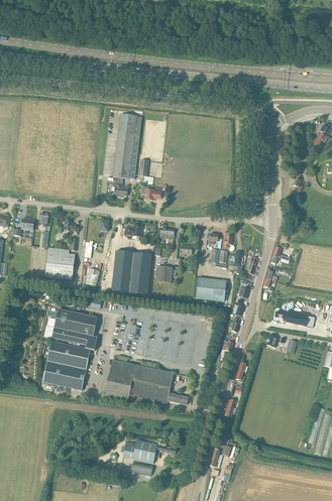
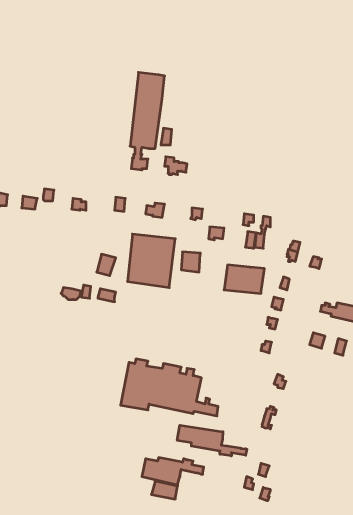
building: [44,246,75,279] -> none
building: [42,307,98,389] -> none
building: none -> [177,425,247,456]

